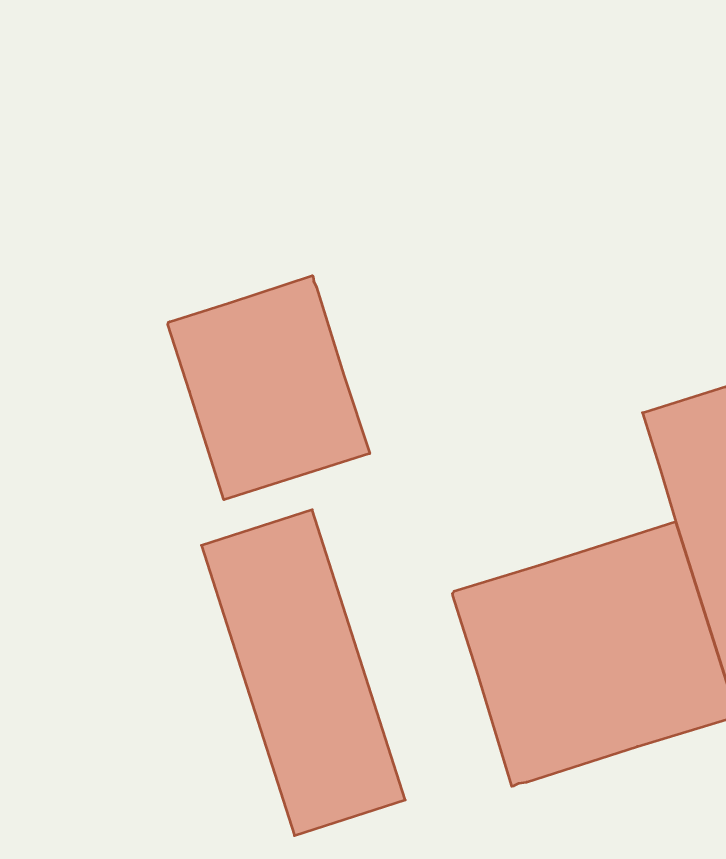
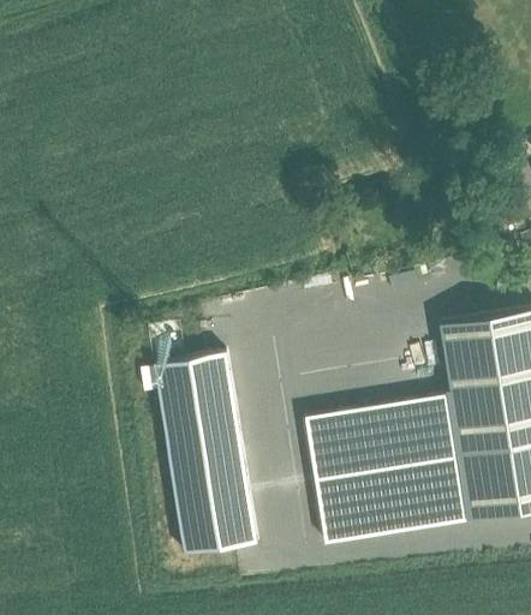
building: [168,276,370,500] -> none

